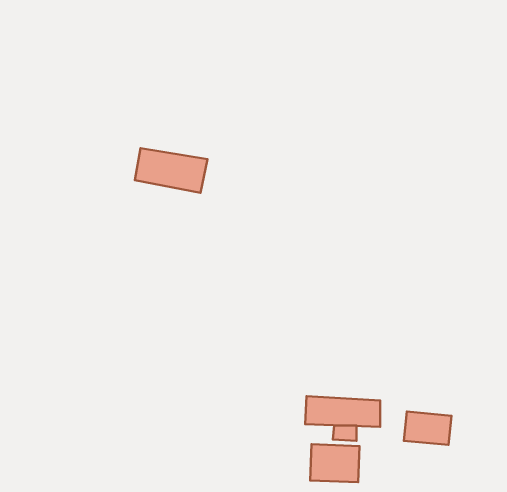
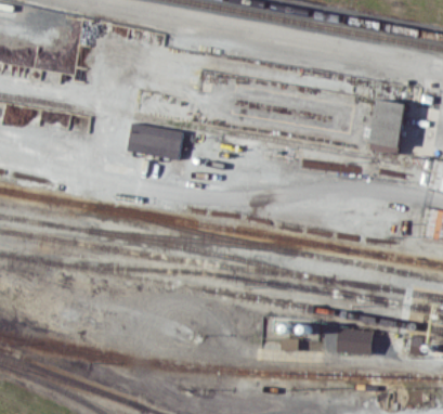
building: none -> [368,99,405,146]
building: [310,444,360,482] -> none

